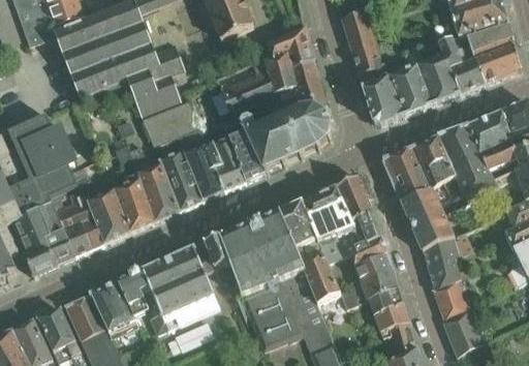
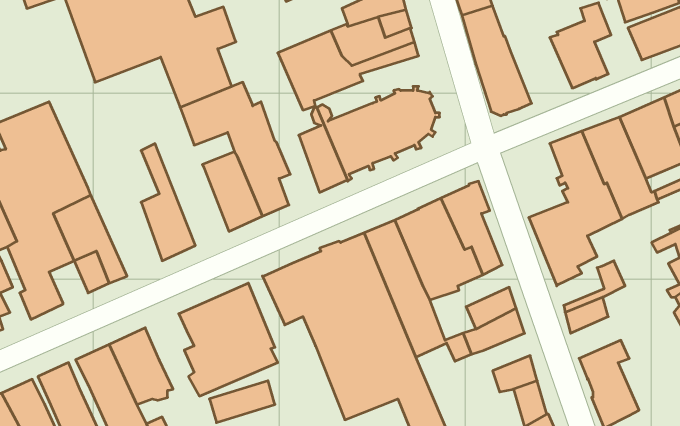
building: [383,52,433,115] -> none
building: [449,58,485,92] -> none
building: [276,79,328,114] -> none
building: [214,135,246,189] -> none
building: [383,144,430,199] -> none
building: [126,145,179,219] -> none
building: [74,172,129,242] -> none
building: [423,227,457,264] -> none
building: [45,231,74,262] -> none
building: [348,234,386,265] -> none
building: [117,270,149,304] -> none
building: [432,272,469,303] -> none
building: [368,284,402,312] -> none

